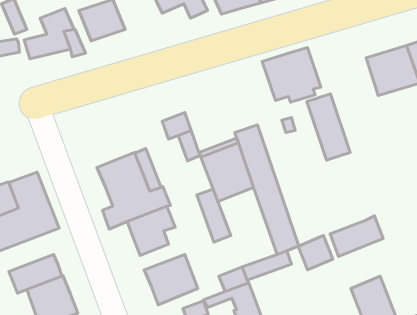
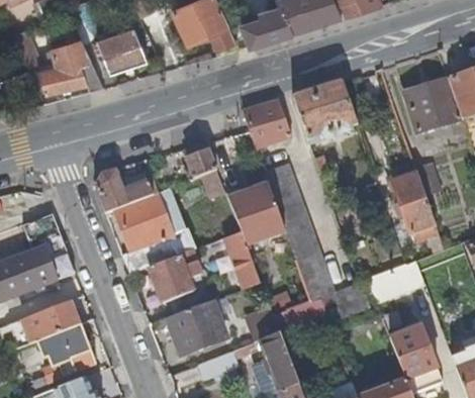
building: none -> [243,100,290,155]
building: [307,94,350,160] -> [391,172,438,242]
building: none -> [96,169,159,213]

